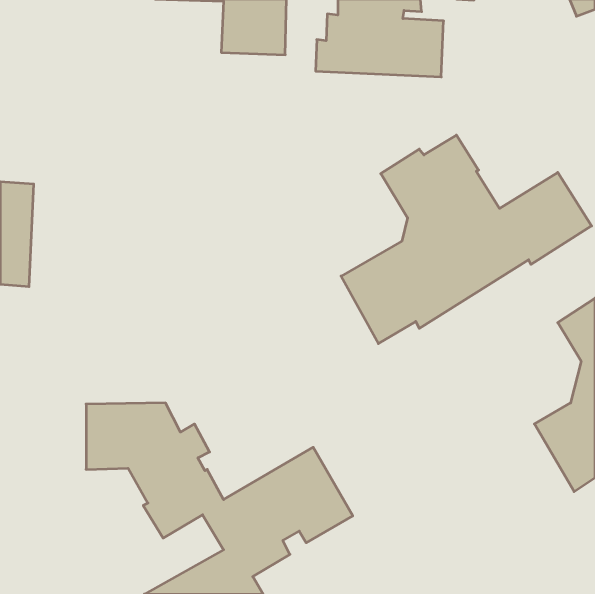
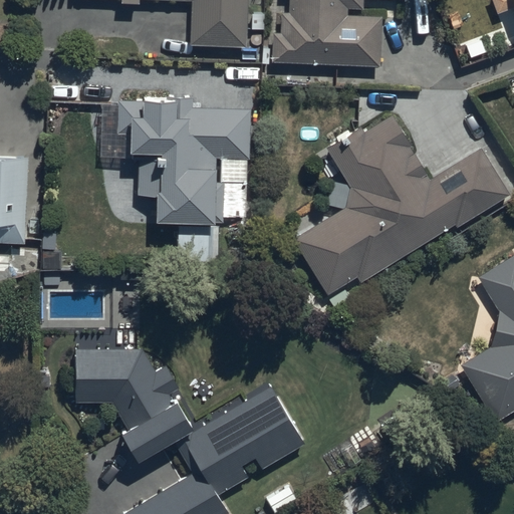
building: none -> [116,95,252,226]

